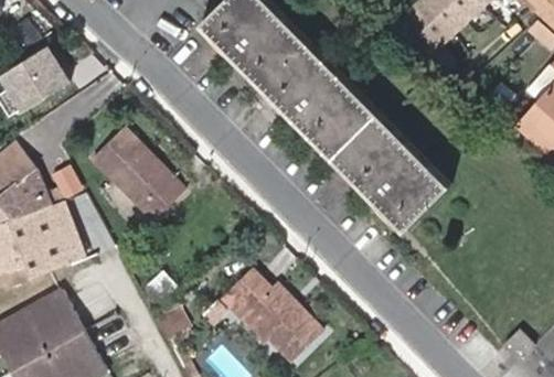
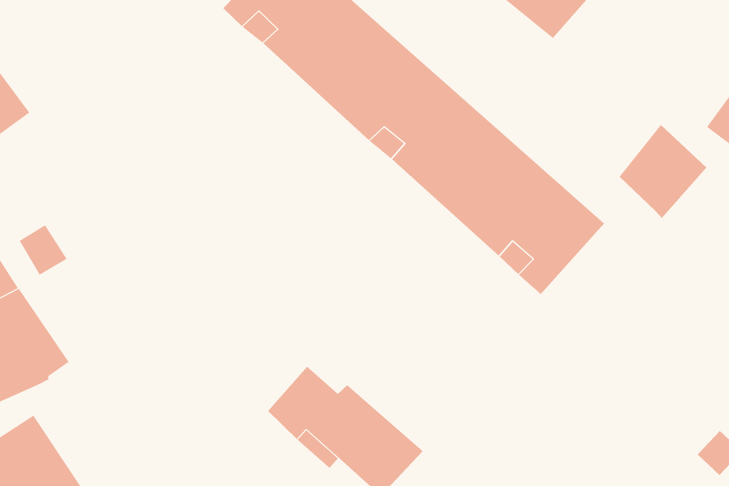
building: none -> [619,124,707,219]
building: [85,121,179,215] -> none

